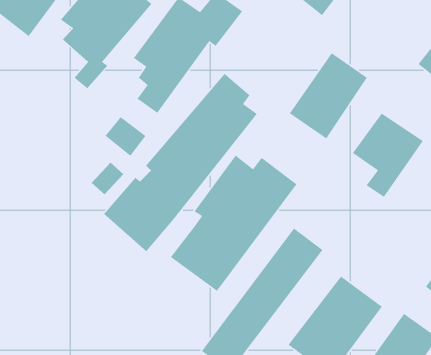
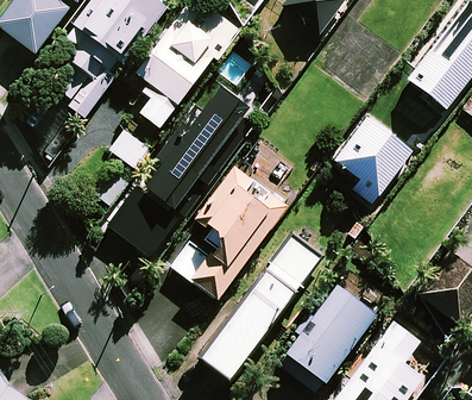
building: [289,52,368,139] -> none

